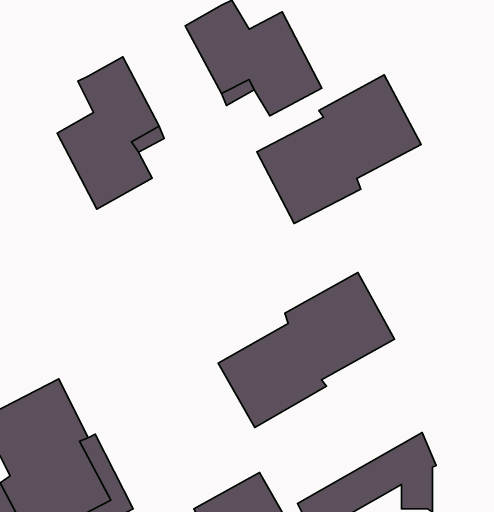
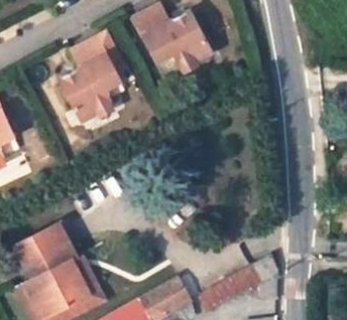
building: [257,75,421,224] -> none
building: [218,273,395,428] -> none

